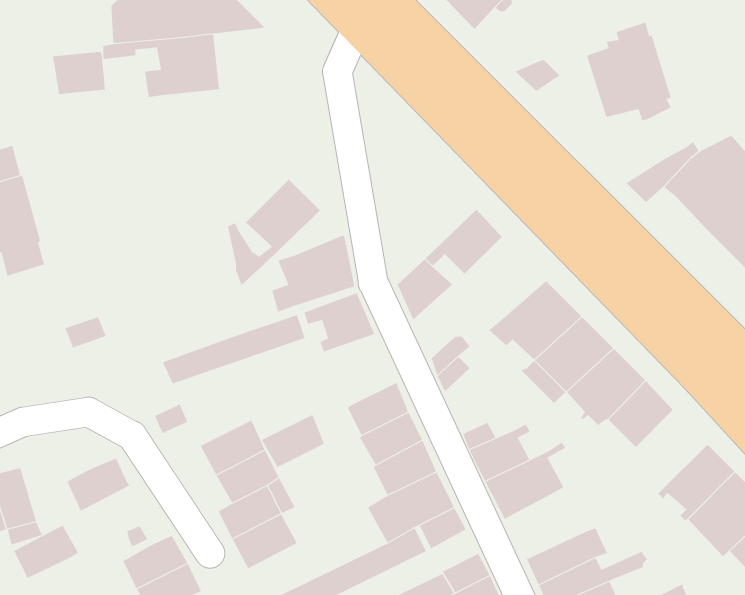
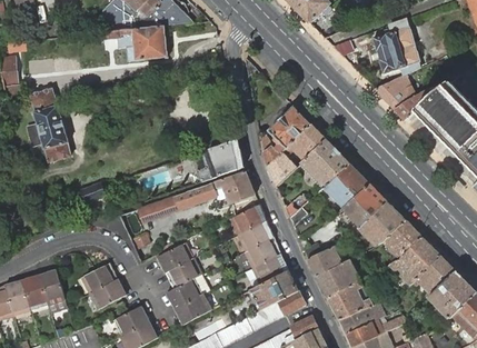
building: [53,51,105,95] -> none
building: none -> [372,73,415,109]
building: [227,179,321,286] -> [258,106,310,166]
building: none -> [301,139,349,185]
building: none -> [389,236,439,284]
building: [261,414,325,468] -> [230,203,266,233]
building: none -> [326,279,371,319]
building: [13,525,79,579] -> [89,278,126,308]

